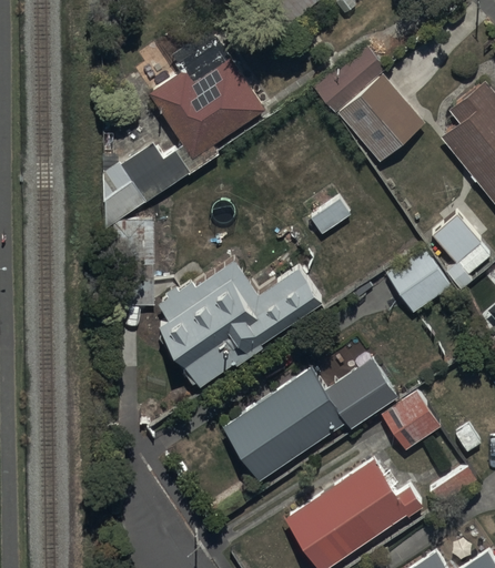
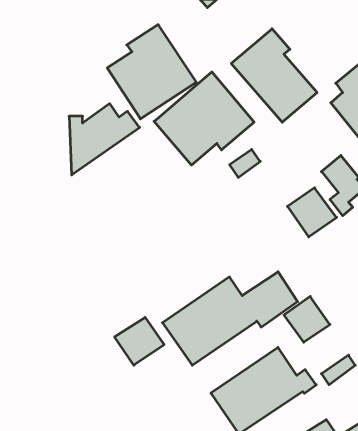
building: none -> [154,72,254,165]
building: [149,255,324,388] -> none
building: none -> [115,317,164,365]

